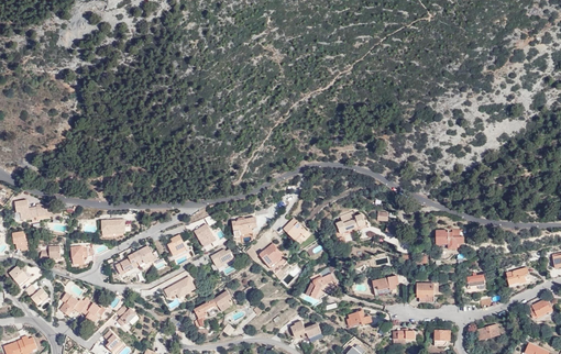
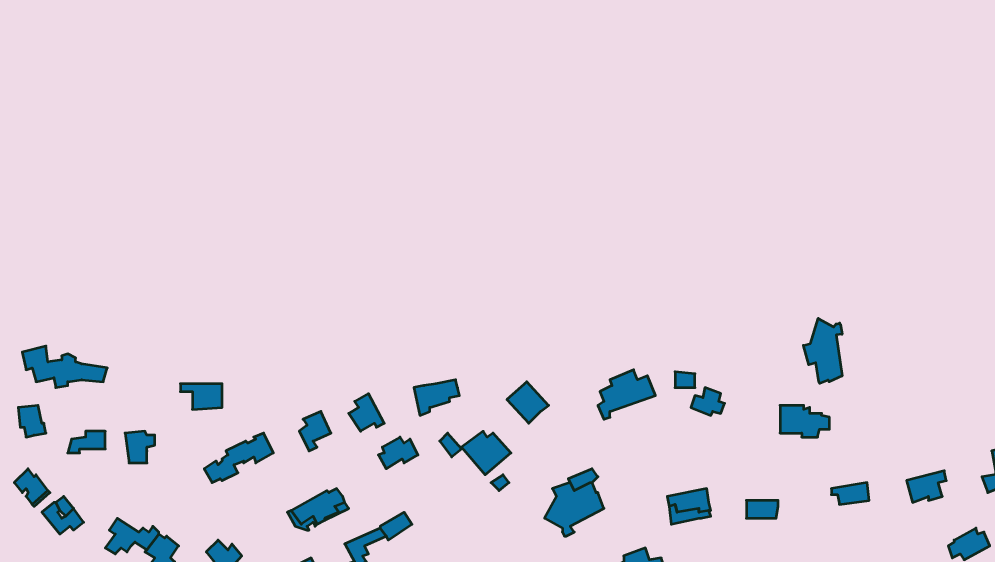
building: none -> [803,318,842,383]

